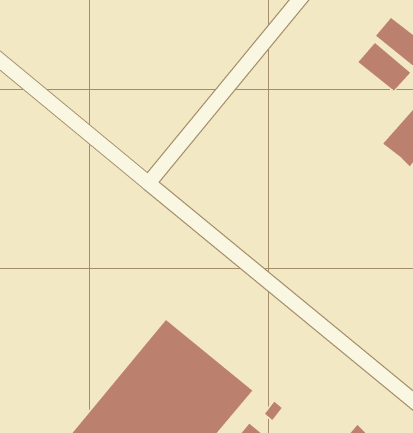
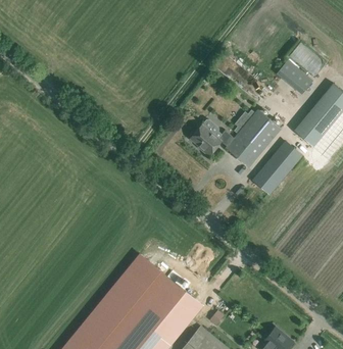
building: none -> [189,110,280,167]
building: none -> [252,142,301,195]

